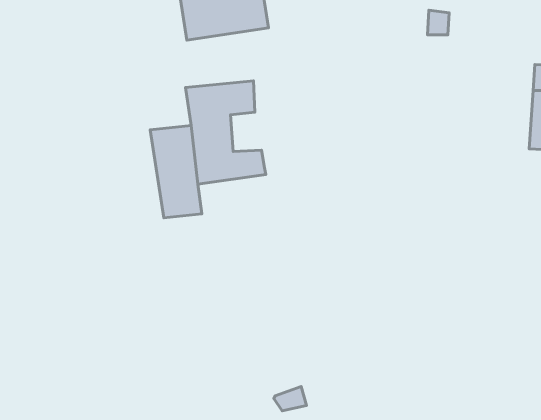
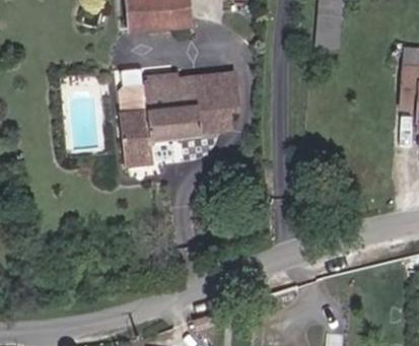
building: none -> [174,64,243,134]

